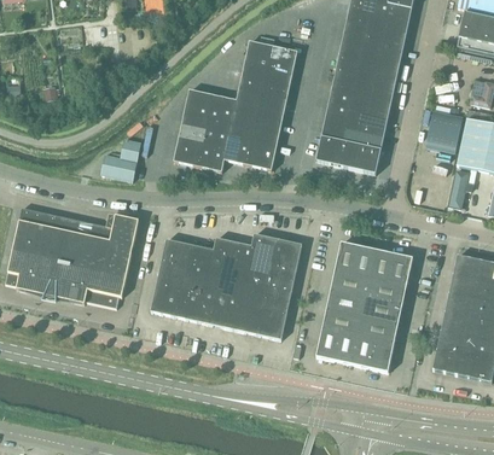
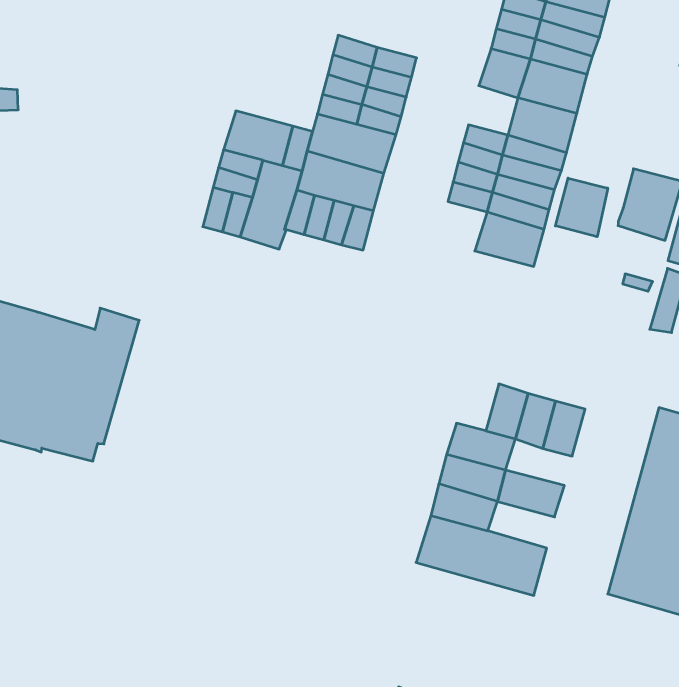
building: [331,65,360,94] -> none
building: none -> [555,178,608,237]
building: [315,136,345,165] -> none
building: [100,139,141,180] -> none
building: [151,233,302,339] -> none
building: [335,241,359,274] -> none
building: [366,278,406,304] -> none
building: [358,316,397,343] -> none

